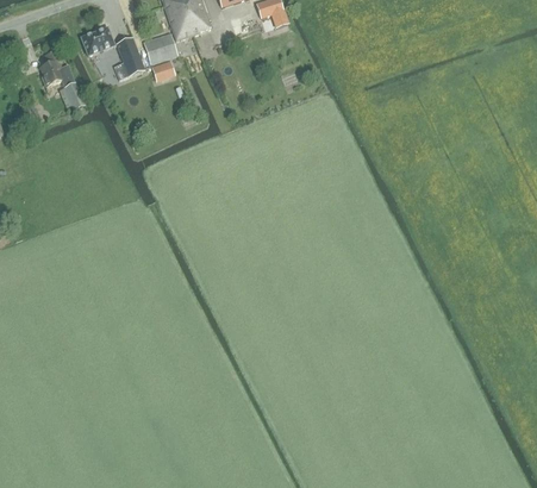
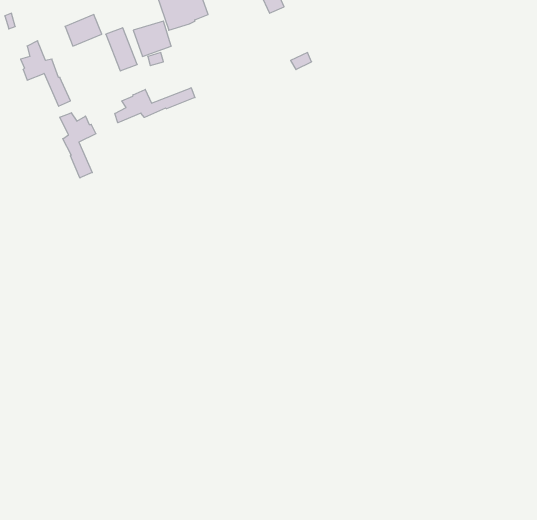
building: none -> [115,88,195,123]
building: none -> [60,113,96,178]

